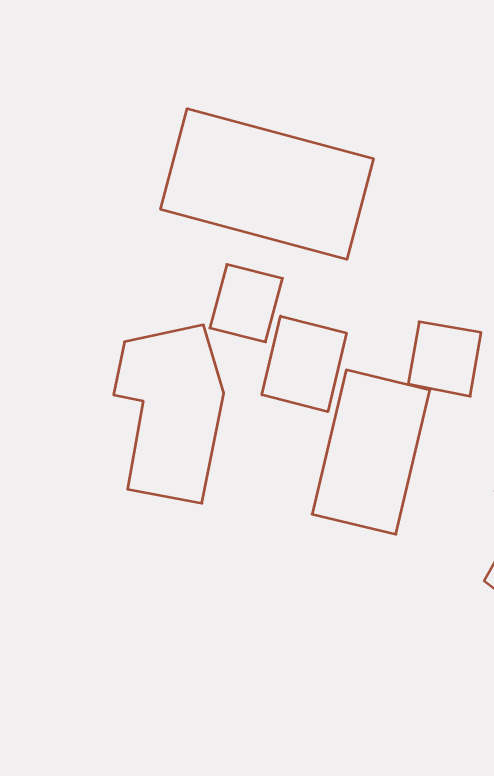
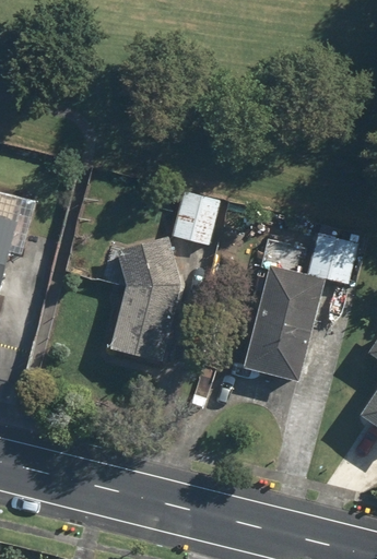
building: [161,109,373,259] -> none
building: [262,316,346,412] -> none

